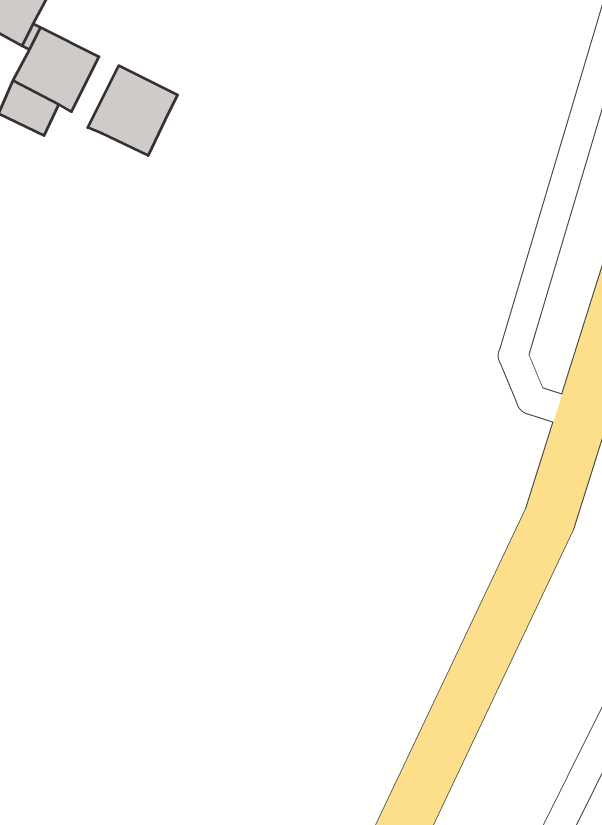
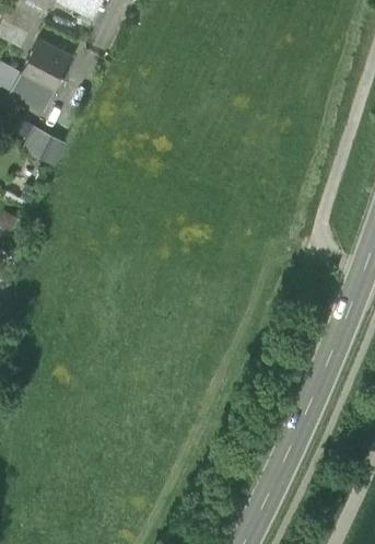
building: [88,66,178,156] -> none
building: none -> [24,127,67,165]

